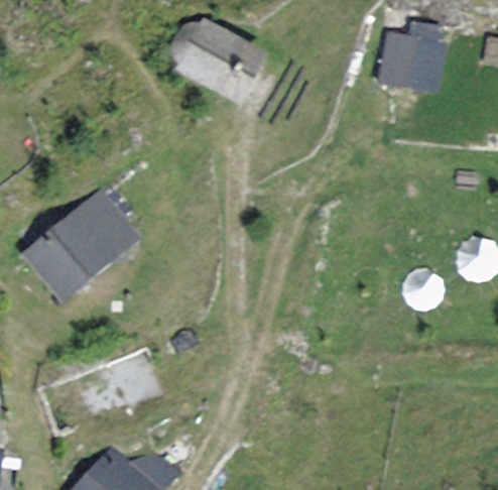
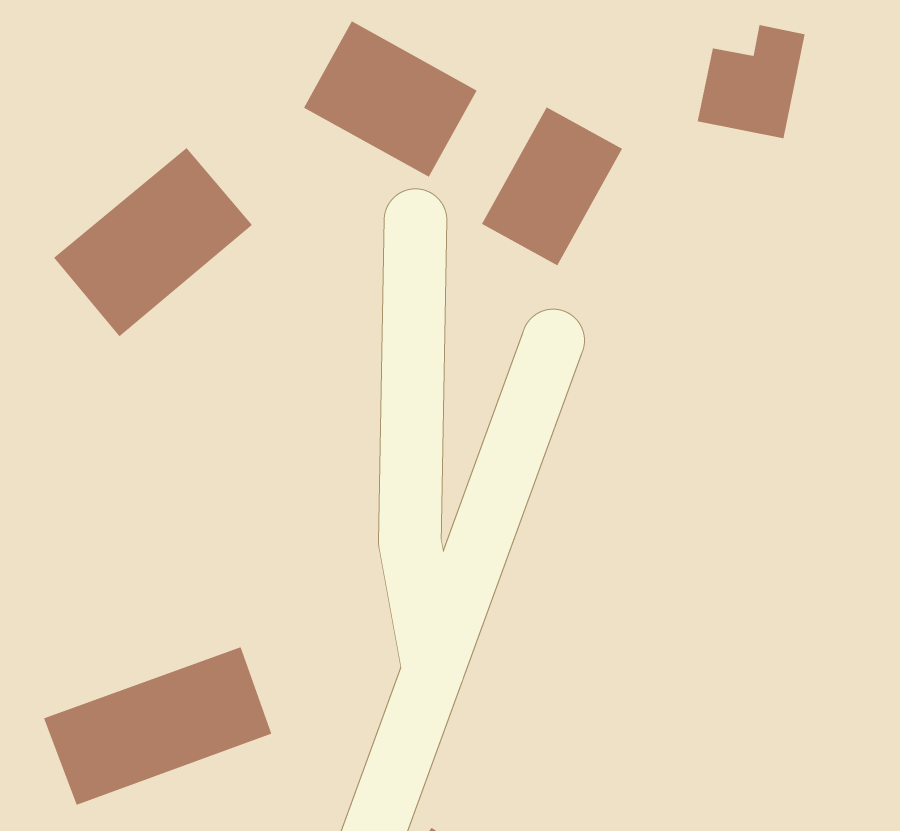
building: none -> [481,106,623,266]
building: [25,196,129,294] -> [53,147,253,337]

